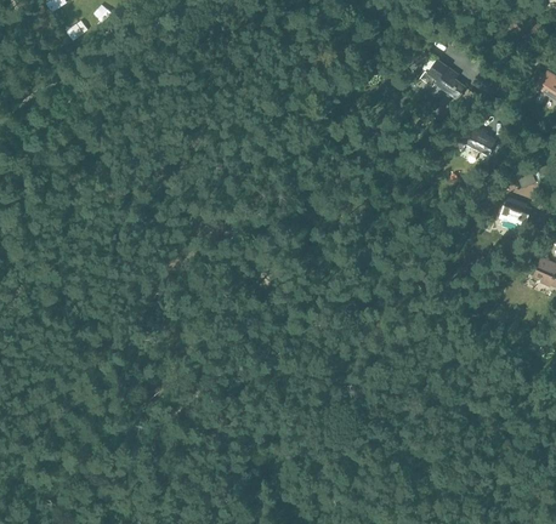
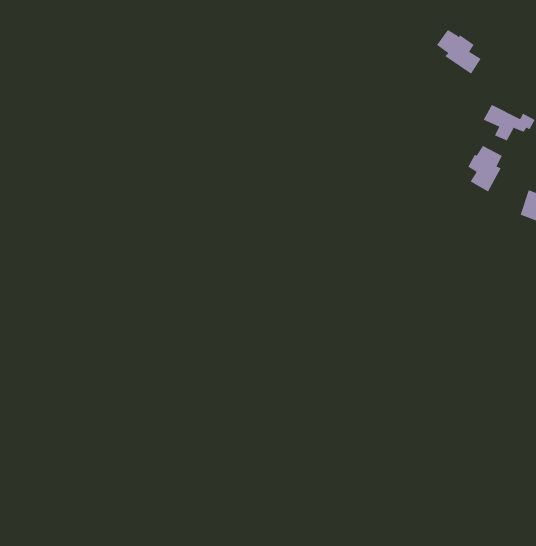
building: none -> [468,145,502,192]

